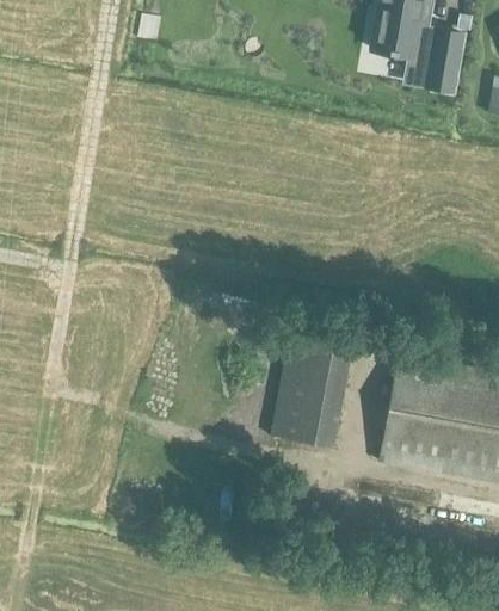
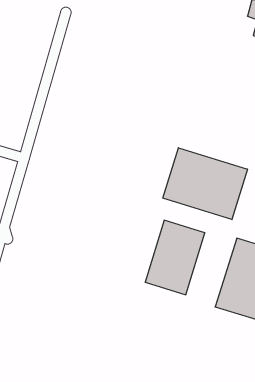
building: none -> [163,148,247,220]

